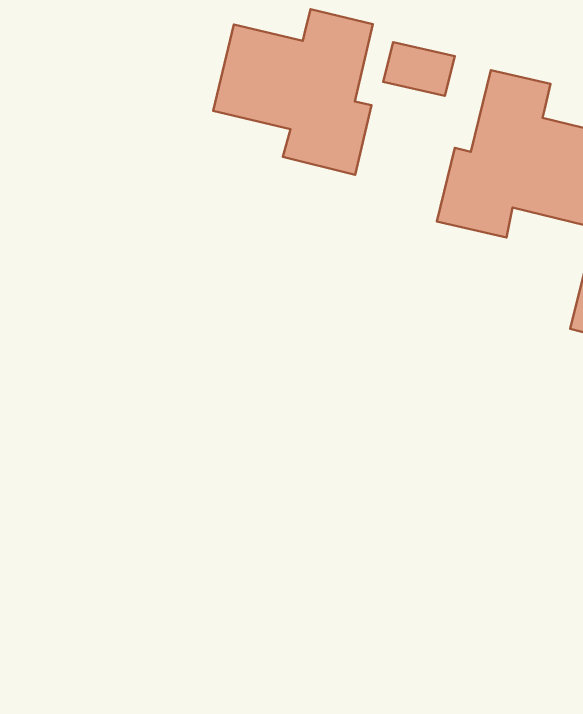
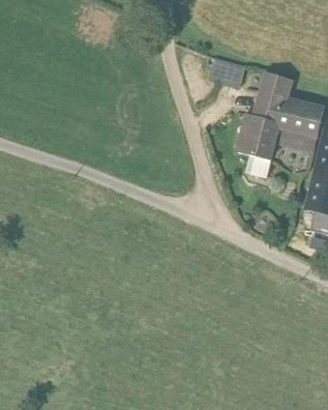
building: [213,9,373,175] -> none

